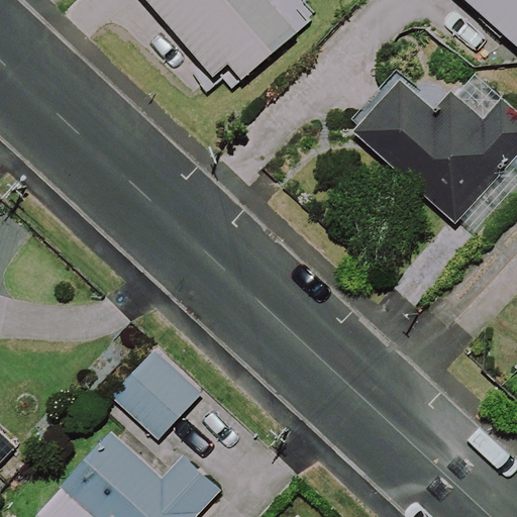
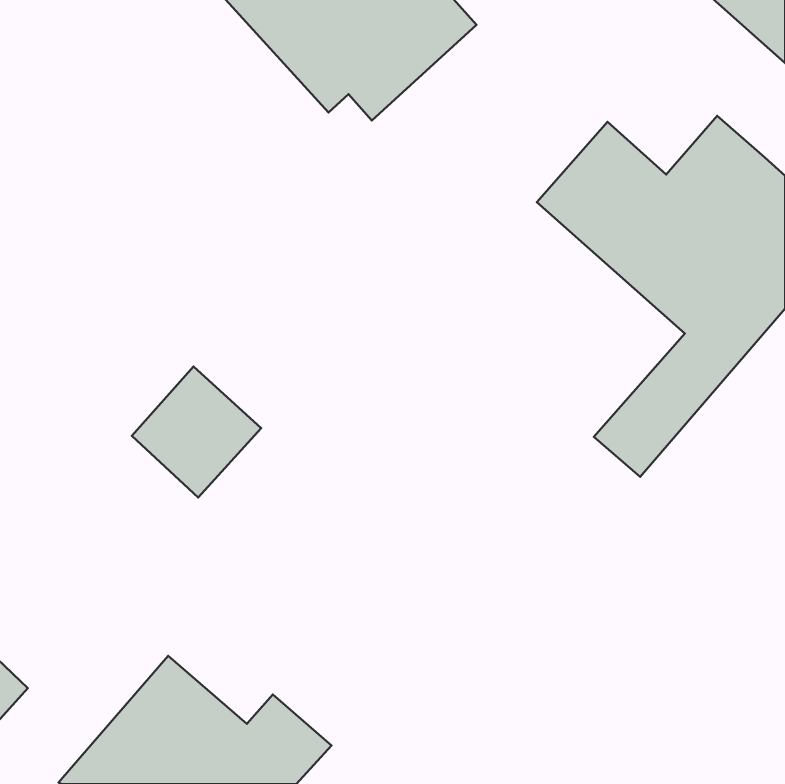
building: [111,354,196,440] -> [132,366,261,498]

